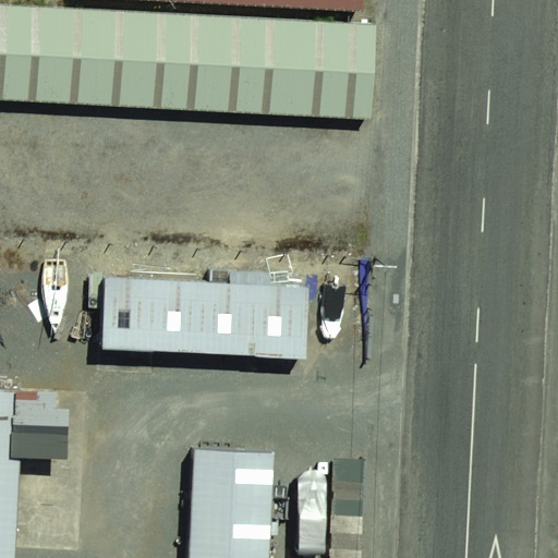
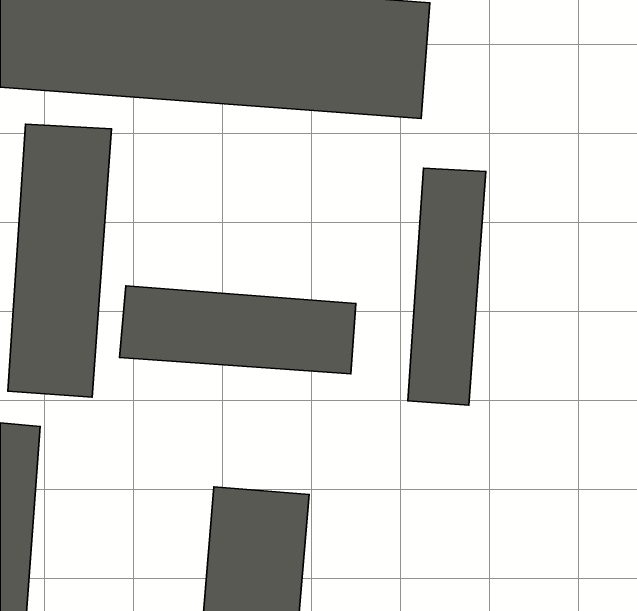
building: none -> [8,124,111,397]
building: none -> [408,168,486,405]

